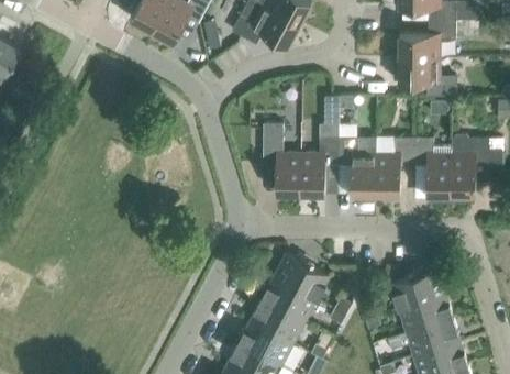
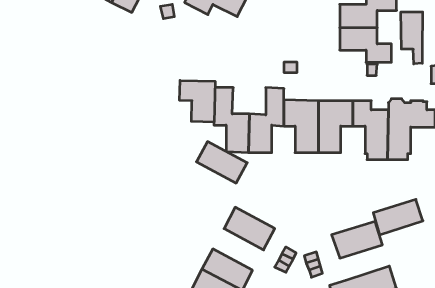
building: none -> [401,12,423,64]
building: none -> [180,80,215,122]
building: [262,276,317,321] -> [196,142,247,183]
building: [399,294,453,332] -> [373,199,423,235]

